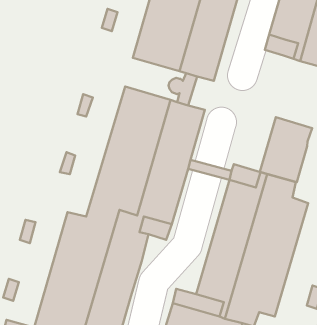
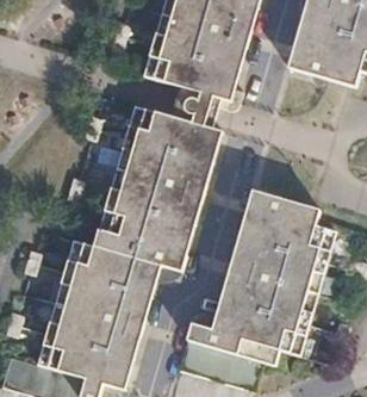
building: [260,117,312,182] -> none

